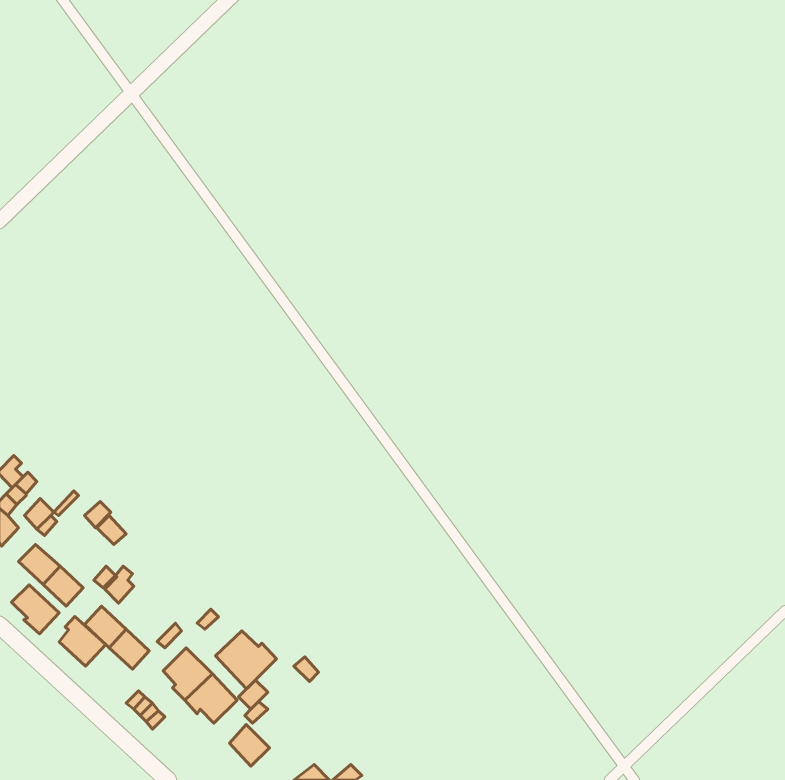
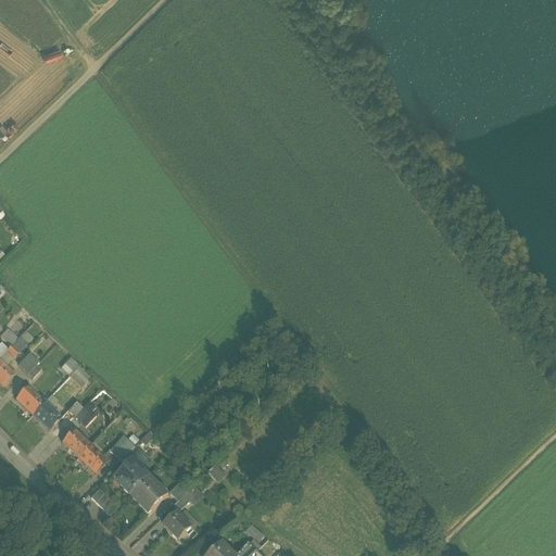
building: [11,585,59,634] -> none
building: [59,616,106,666] -> none
building: [215,631,277,689] -> none

